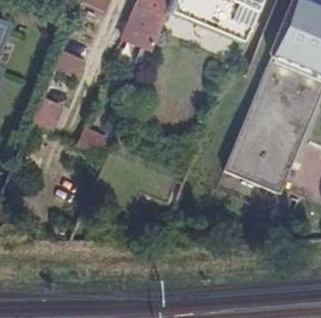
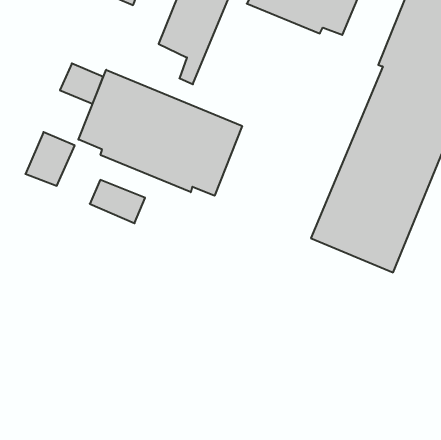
building: none -> [78,70,242,196]

